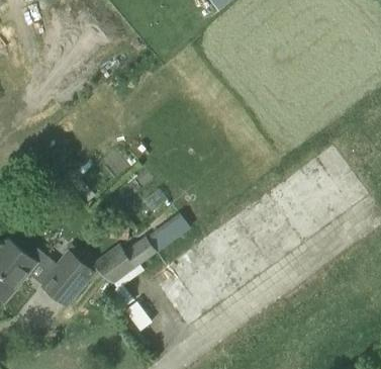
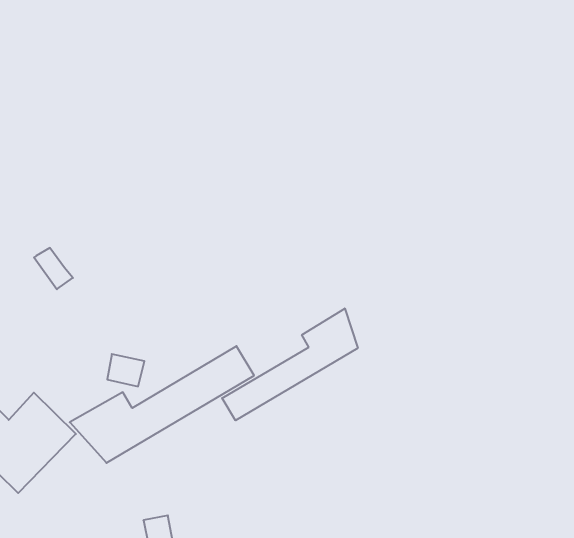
building: none -> [222,308,358,420]

